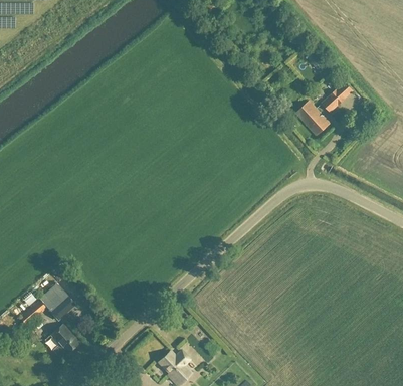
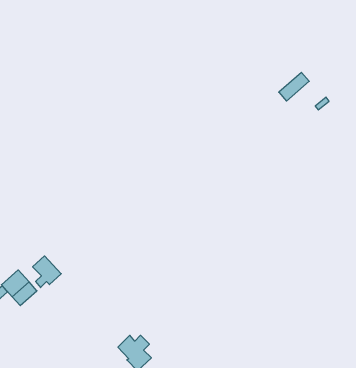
building: [295,101,329,135] -> none
building: [50,324,79,356] -> [33,256,61,288]

